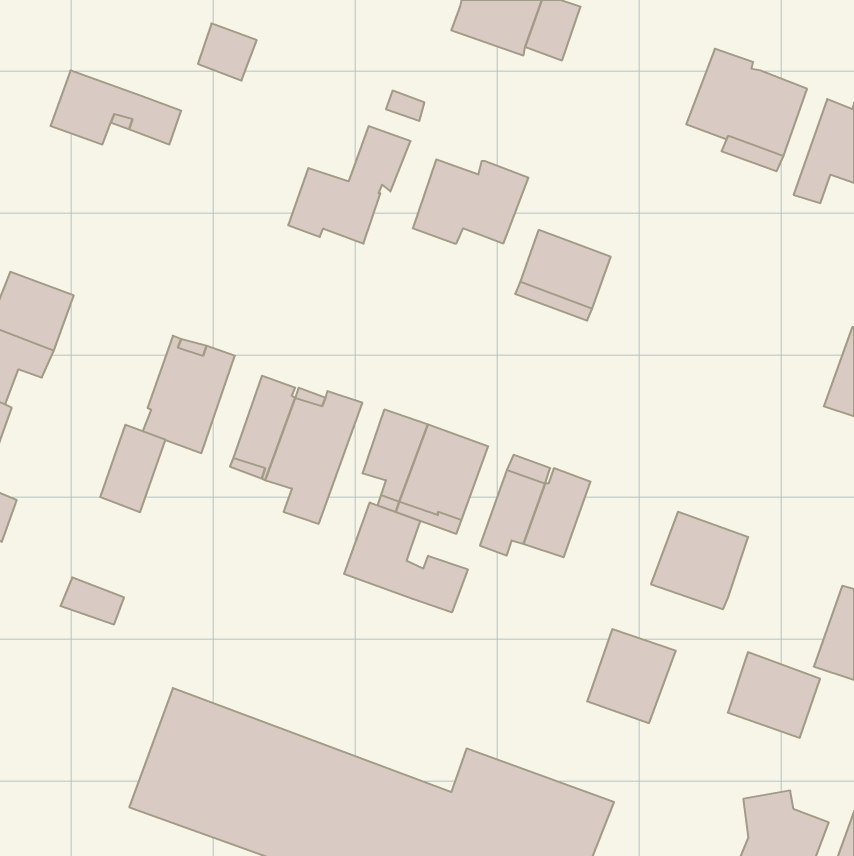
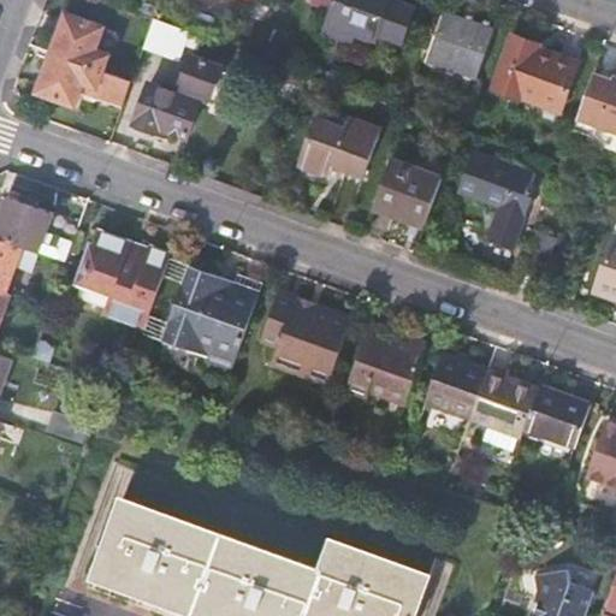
building: none -> [425,11,496,81]
building: none -> [51,13,106,70]
building: [288,126,411,244] -> [132,53,220,137]
building: none -> [456,153,538,248]
building: [100,425,165,512] -> [77,231,124,294]
building: [344,502,468,612] -> none
building: [587,629,676,723] -> [422,353,486,420]
building: [728,652,820,738] -> [522,386,588,448]

